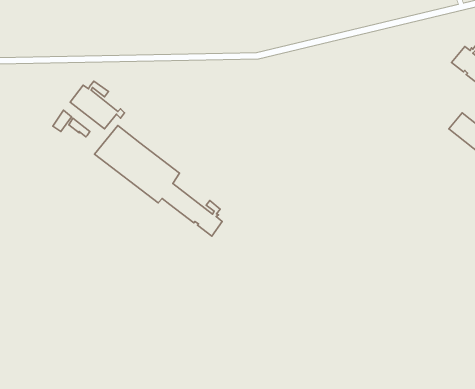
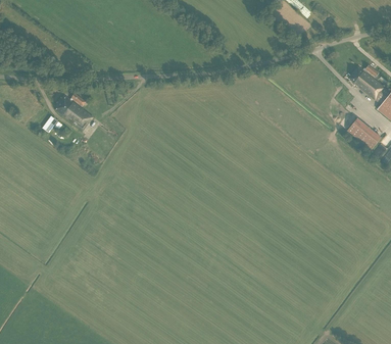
building: [95,126,222,236] -> none

